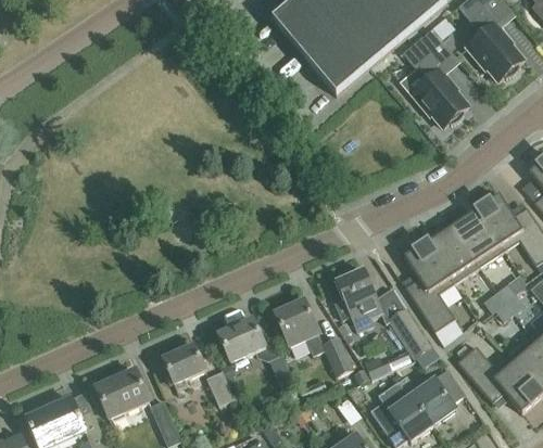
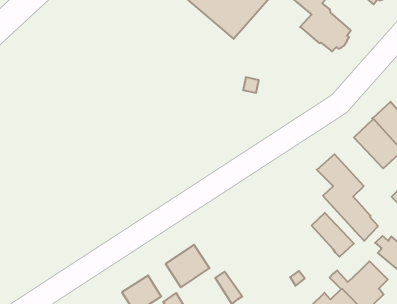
building: [427,227,479,283] -> none
building: [334,269,382,331] -> none
building: [274,299,354,375] -> none

